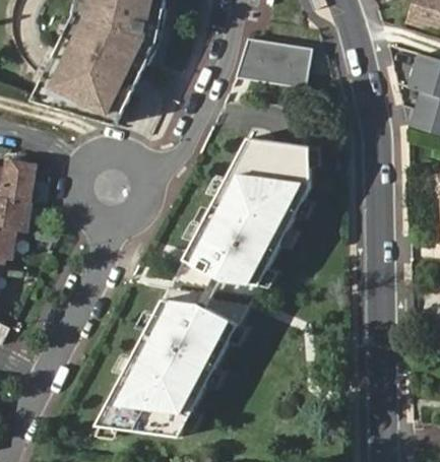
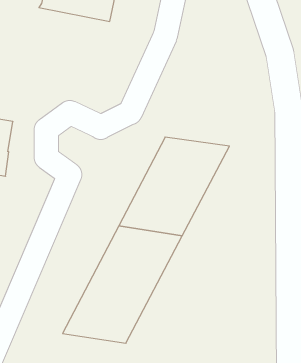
building: [34,17,159,121] -> none
building: [237,38,312,87] -> none
building: [228,133,312,190] -> none

